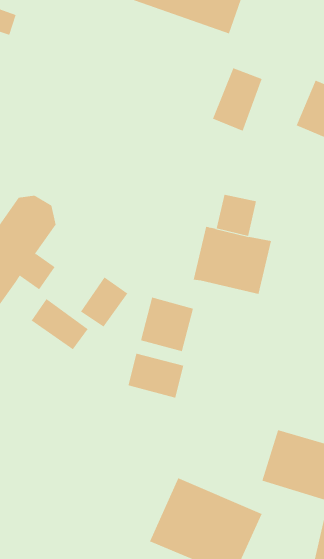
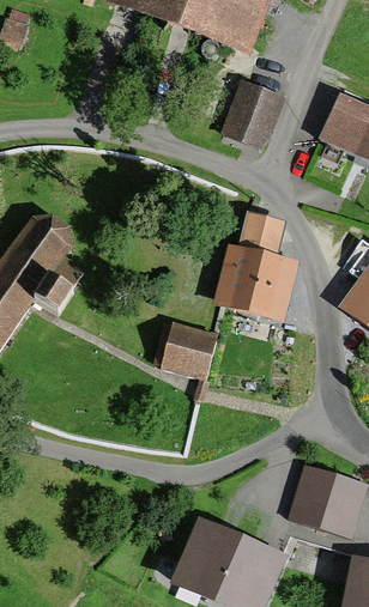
building: [80,277,128,328] -> none
building: [31,298,88,350] -> none
building: [128,353,184,398] -> none

